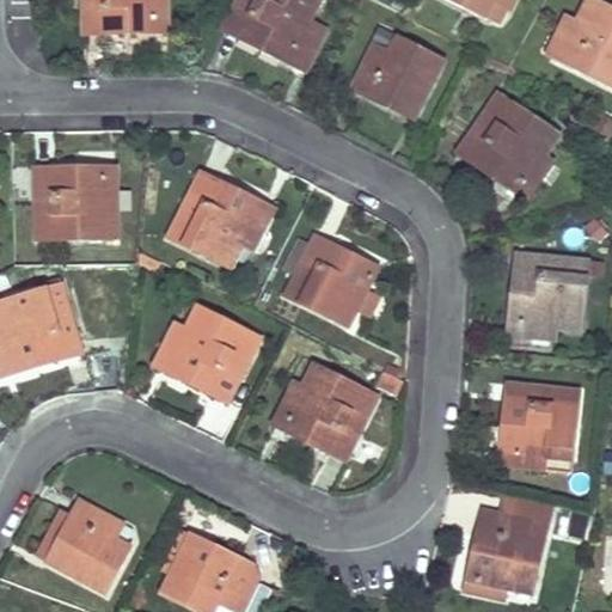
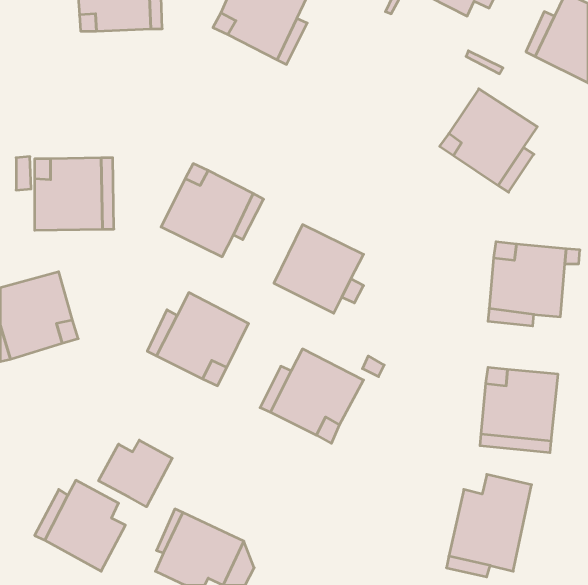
building: [350,33,443,118] -> none
building: none -> [99,440,172,507]

